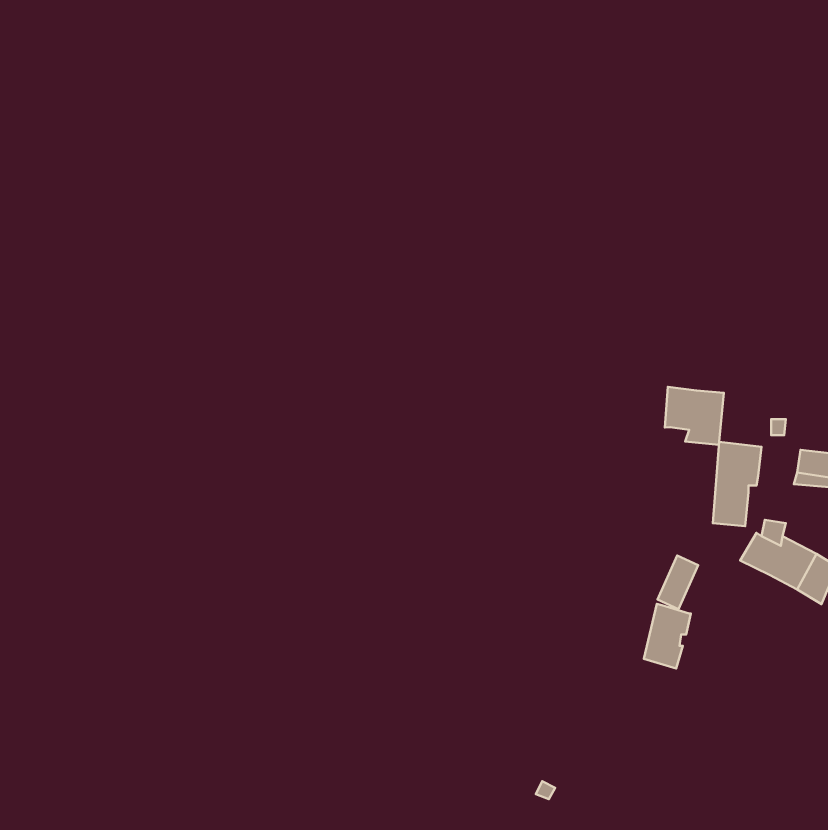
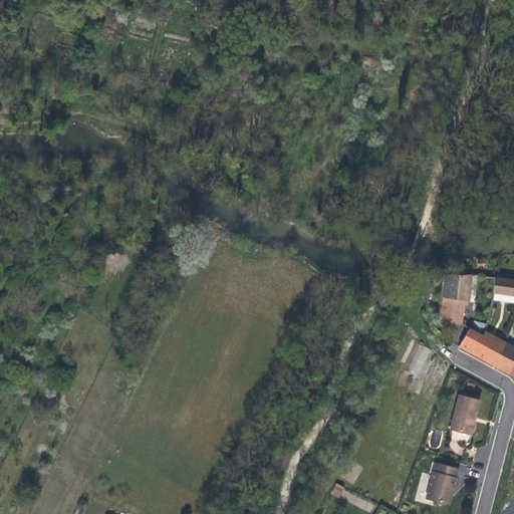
building: [665,387,724,445] -> none
building: [644,604,691,669] -> [451,395,480,435]
building: none -> [427,463,459,503]

